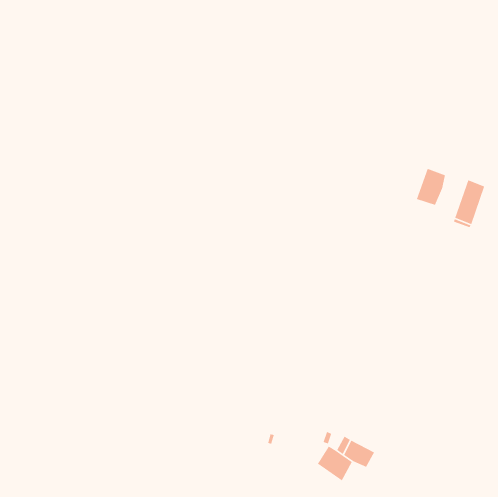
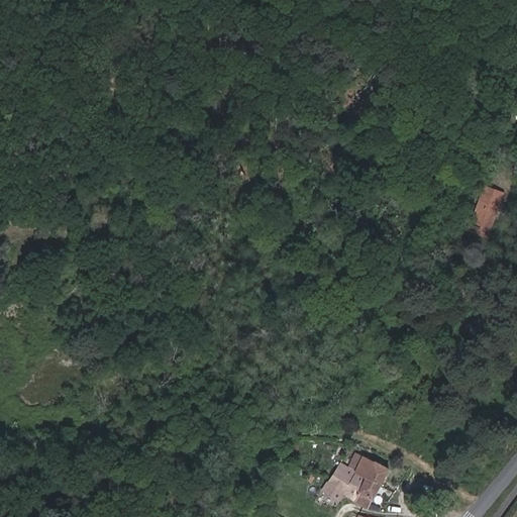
building: [416,168,446,206] -> none
building: none -> [354,480,380,508]

